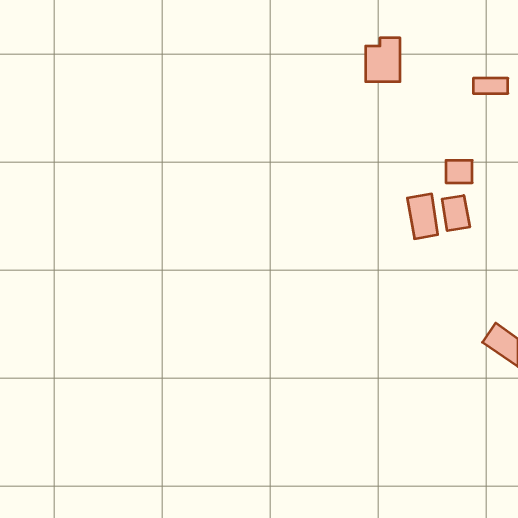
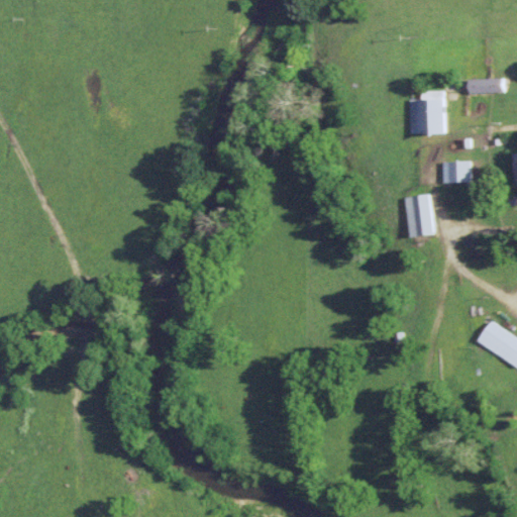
building: [366,38,400,82] -> [411,91,445,134]
building: [442,195,470,231] -> none

